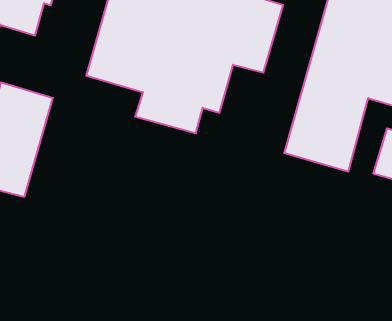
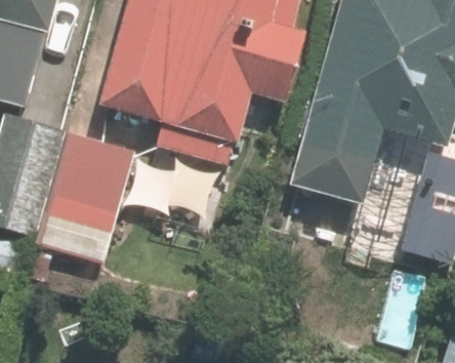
building: none -> [42,132,134,264]

